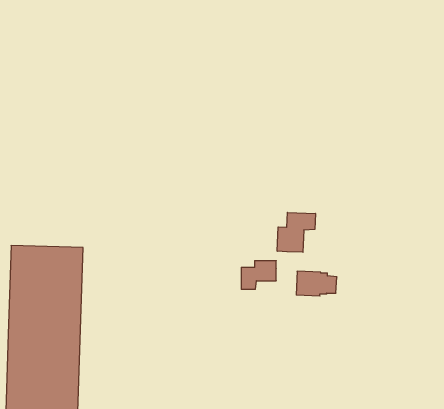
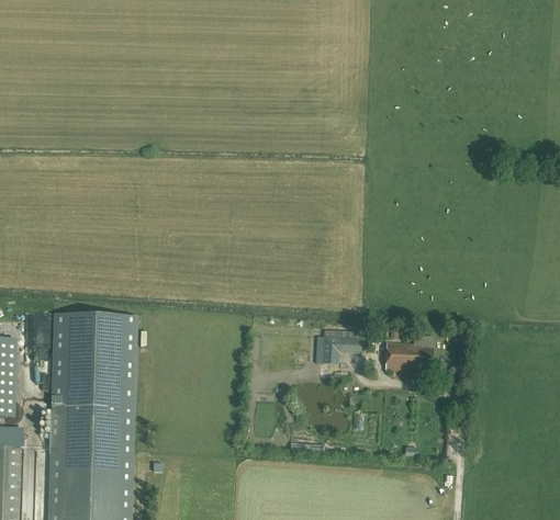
building: [277,212,315,252] -> none

